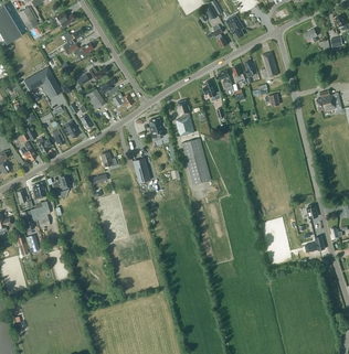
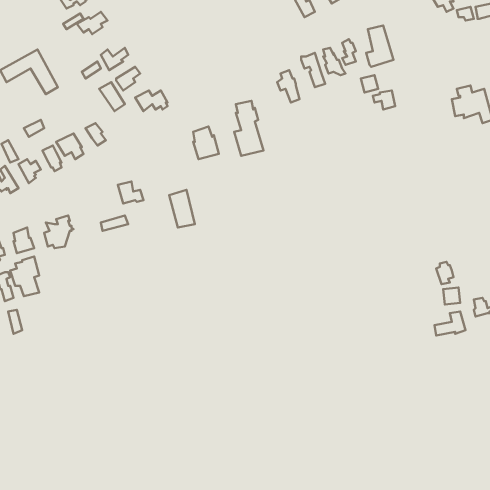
building: [181,138,210,184] -> none

